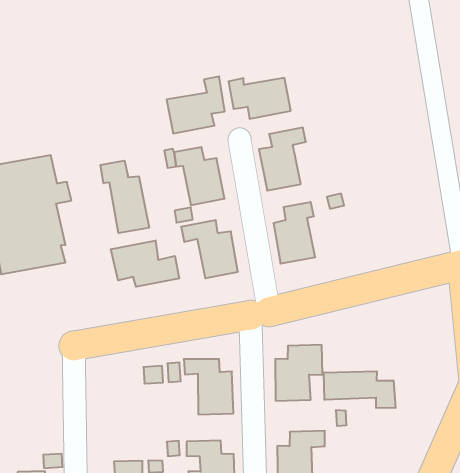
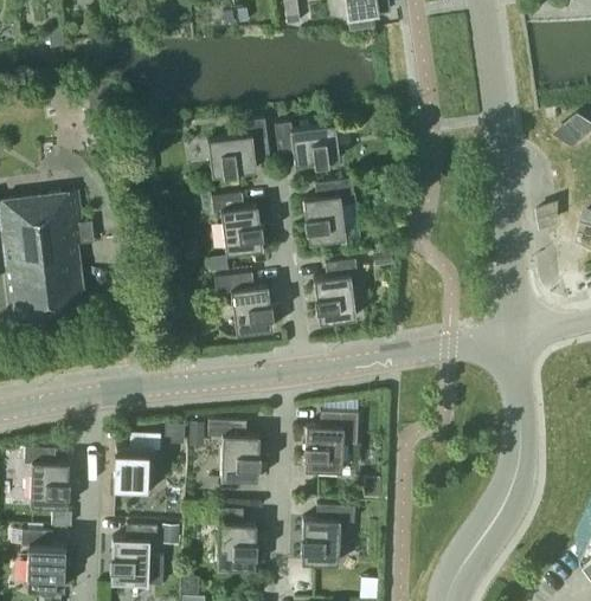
building: [101,161,149,233] -> none
building: [111,240,179,287] -> none
building: [324,371,396,408] -> none
building: none -> [115,432,161,492]
building: none -> [25,447,69,508]

